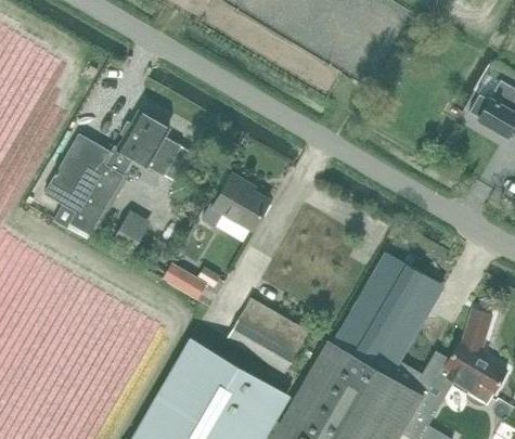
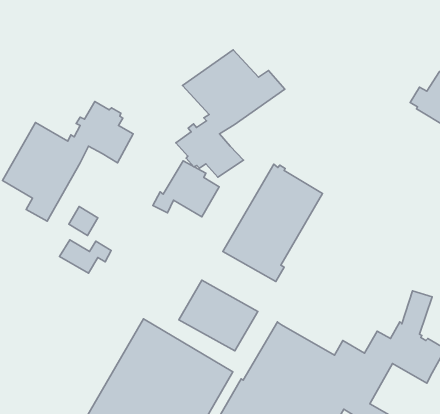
building: none -> [176,50,285,177]
building: [335,254,439,376] -> [223,164,322,282]
building: [166,266,220,300] -> [59,240,111,273]

